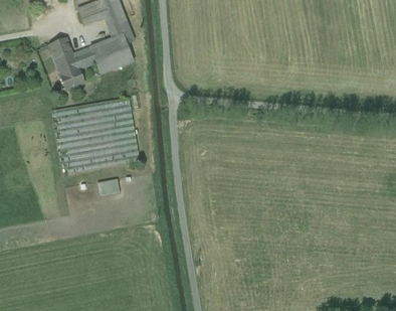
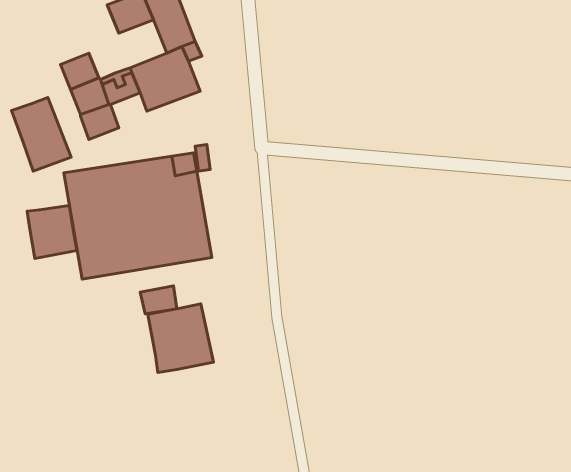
building: none -> [12,98,71,171]
building: none -> [27,206,77,258]
building: none -> [148,304,213,373]

